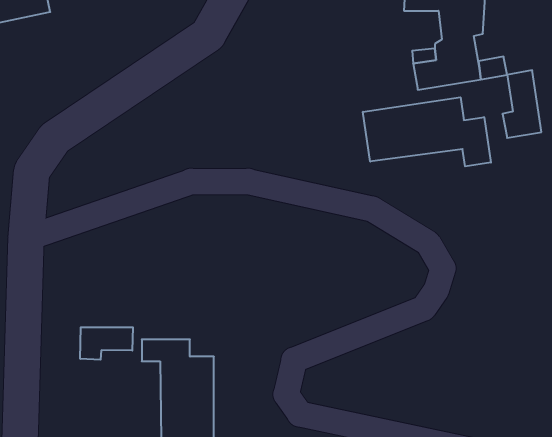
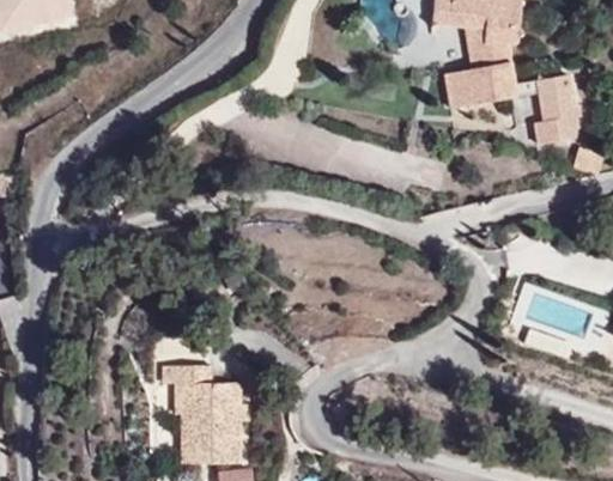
building: [363,97,491,166] -> none
building: [80,327,133,360] -> none

